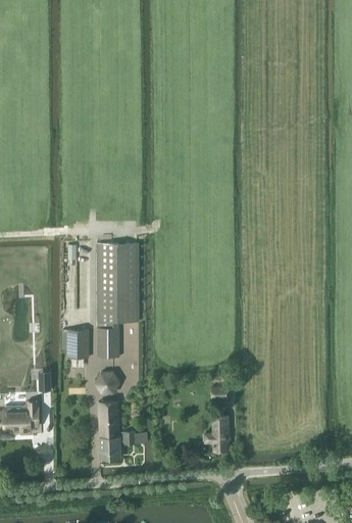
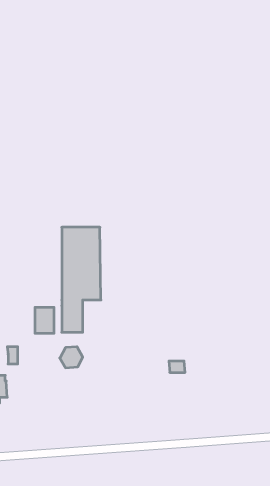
building: [99,401,147,459] -> none
building: [205,416,229,451] -> none

